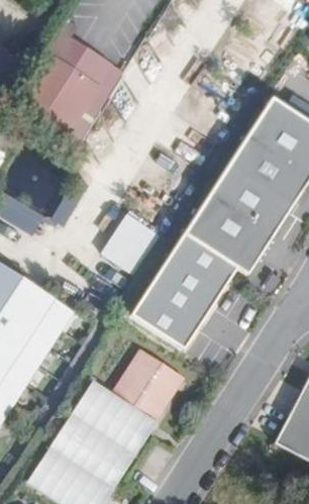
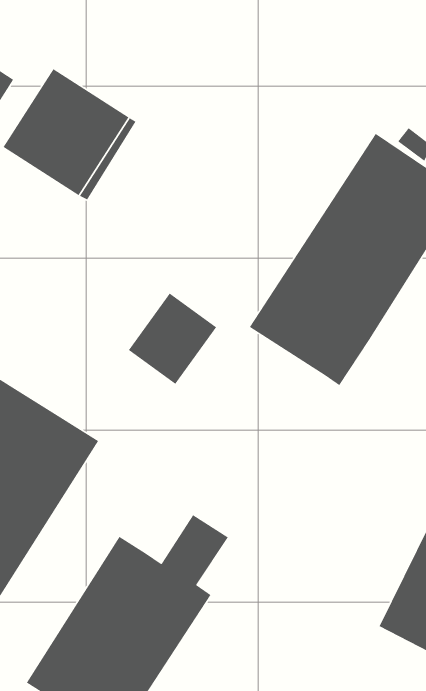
building: [52,31,116,84] -> none
building: [129,231,236,347] -> none
building: [111,345,185,419] -> none

